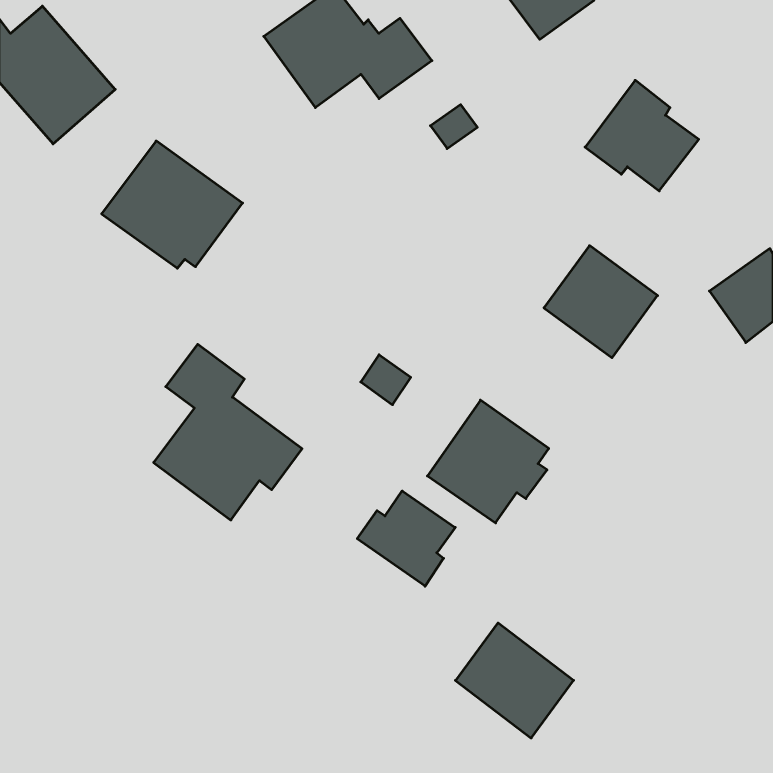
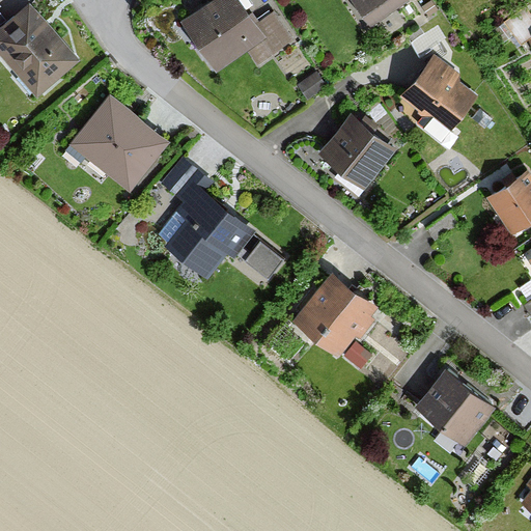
building: [544,246,658,358] -> [317,114,395,191]
building: [154,344,302,520] -> [155,160,256,280]
building: [357,491,455,586] -> none
building: [455,623,574,738] -> [413,369,494,448]

